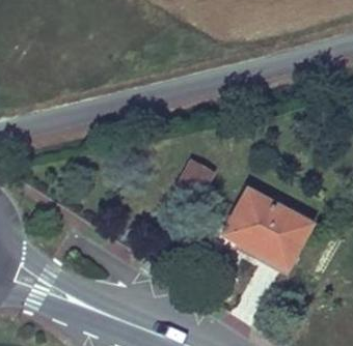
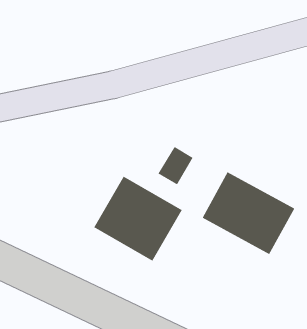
building: none -> [93,176,182,262]

